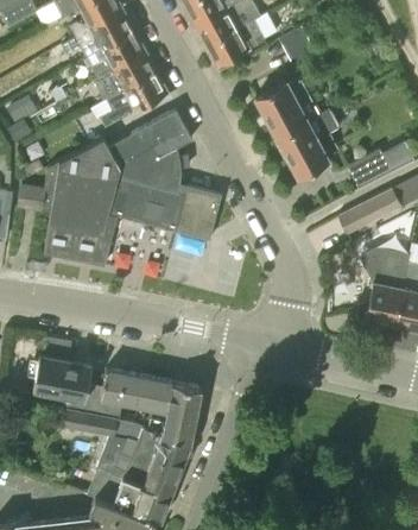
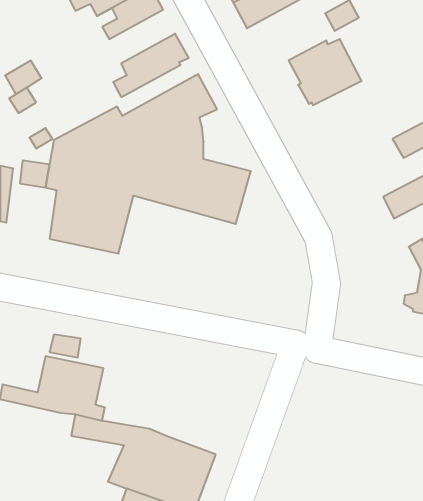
building: [94,50,156,99] -> none
building: [276,113,338,175] -> none
building: [86,368,202,442] -> none

